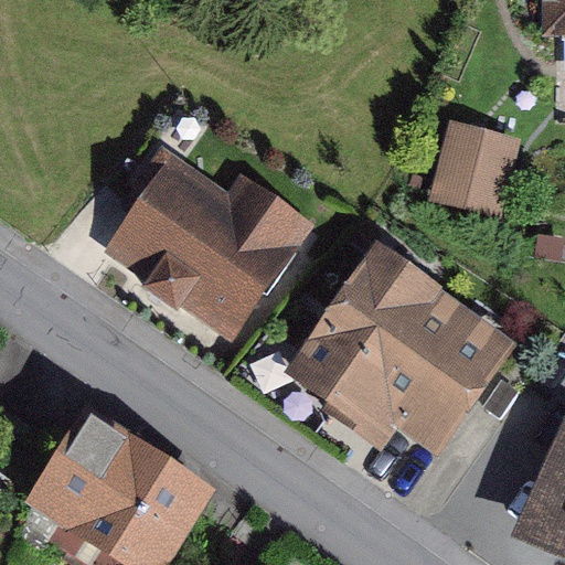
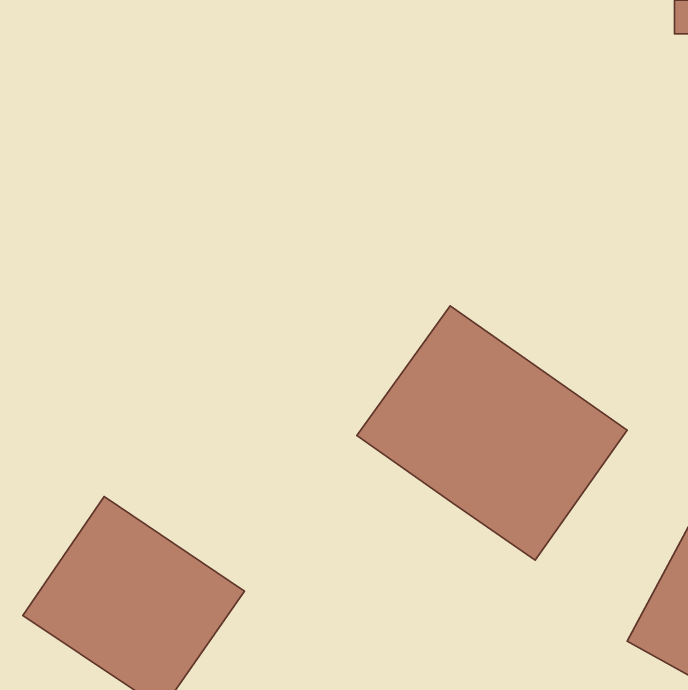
building: [446,122,518,211] -> none
building: [111,143,308,342] -> none

